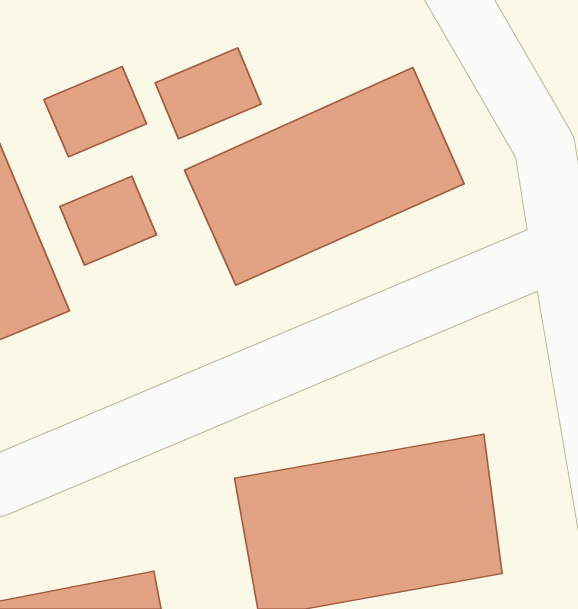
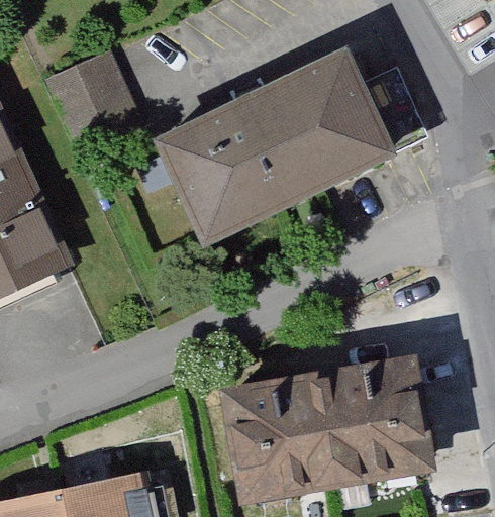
building: [155,48,261,139] -> none
building: [60,176,156,265] -> none

